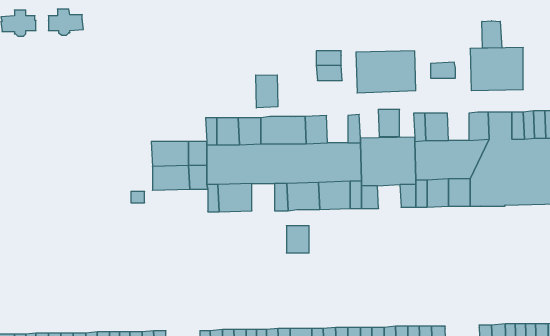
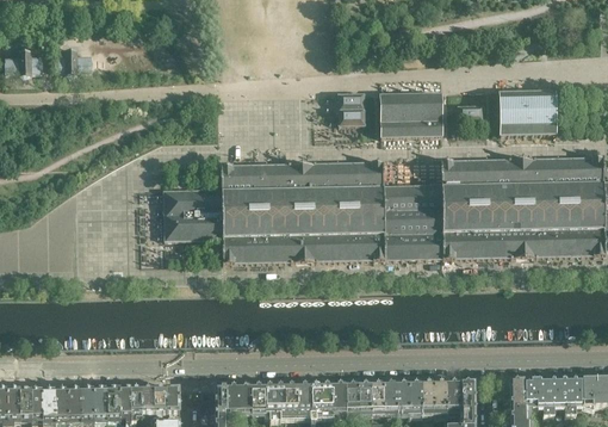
building: [482,21,502,48] -> none
building: [256,75,278,108] -> none
building: [378,109,400,137] -> [348,159,371,187]
building: none -> [476,156,498,185]
building: none -> [402,231,427,256]
building: [286,226,309,253] -> [269,230,293,259]

